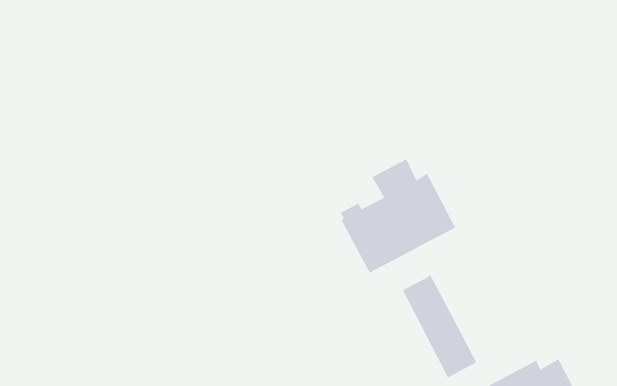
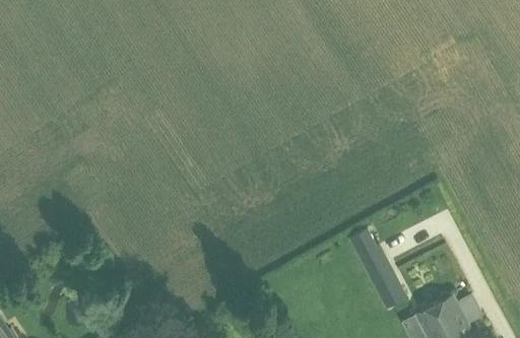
building: [340,158,456,274] -> none

